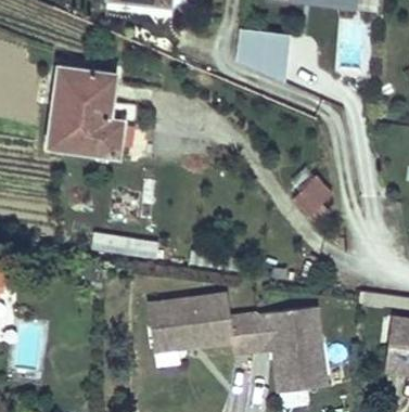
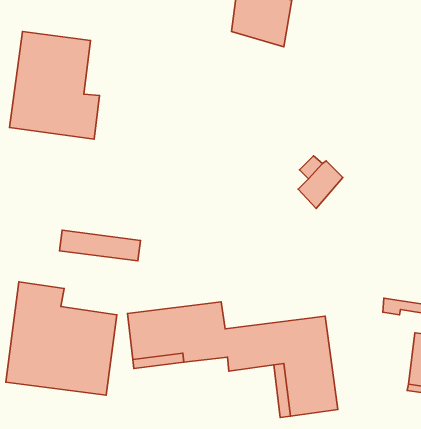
building: none -> [6,282,117,395]

